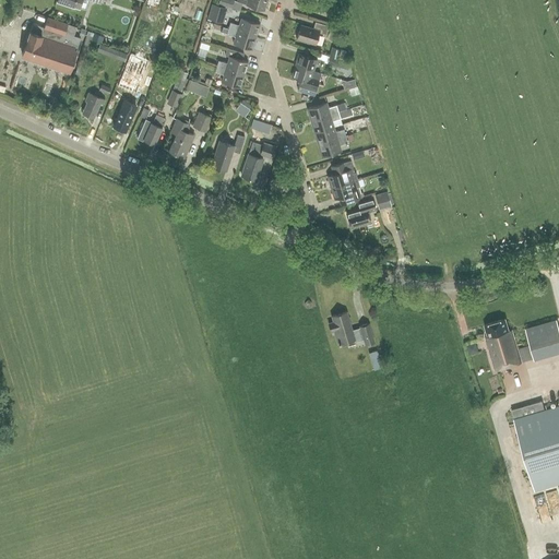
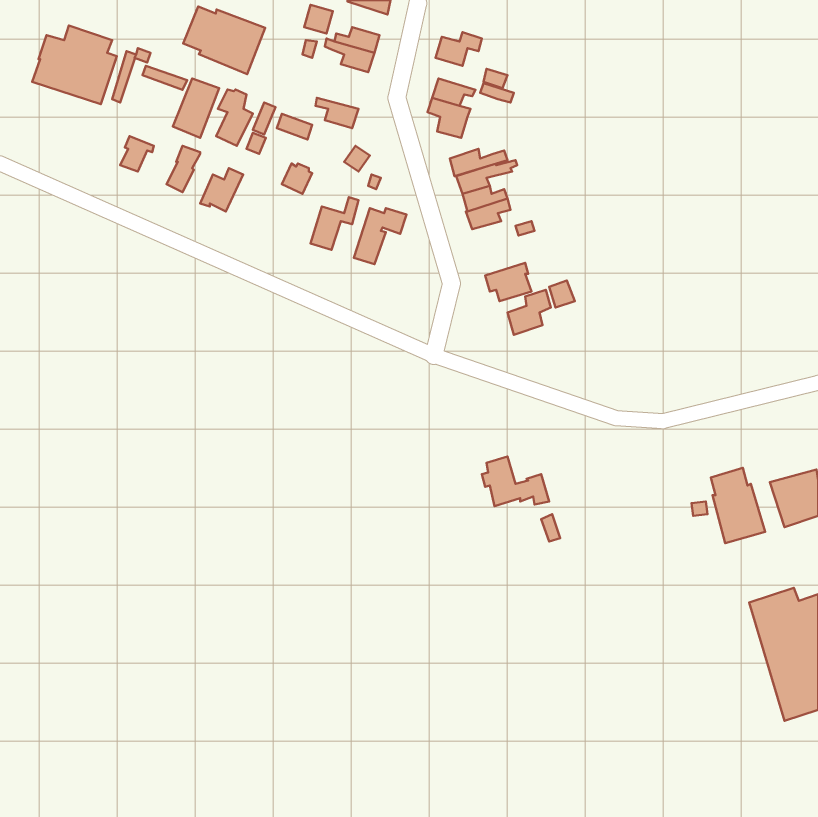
building: none -> [183,7,265,74]
building: [216,50,248,75] -> none
building: [169,120,194,158] -> [216,90,253,146]
building: [328,162,358,189] -> none

